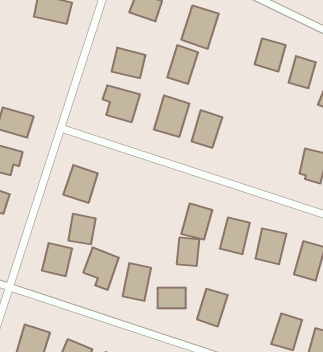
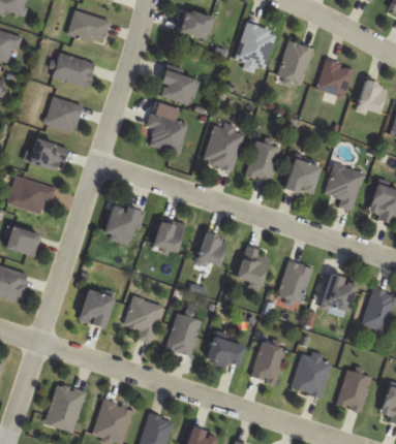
building: none -> [52,53,95,88]
building: [167,45,198,84] -> [278,40,313,84]
building: none -> [44,96,84,133]
building: none -> [284,159,318,194]
building: none -> [326,164,364,211]
building: [68,214,96,244] -> [152,218,183,252]
building: [177,238,199,266] -> [199,233,224,265]
building: none -> [292,351,334,399]

